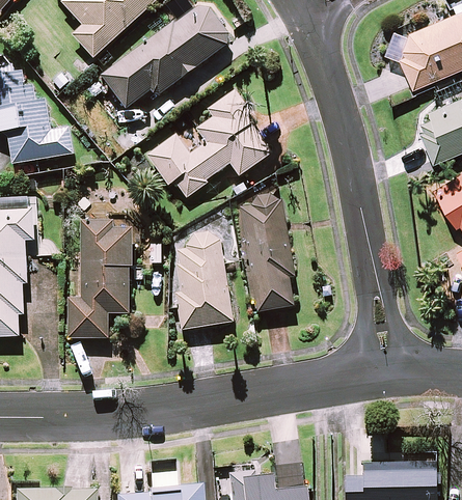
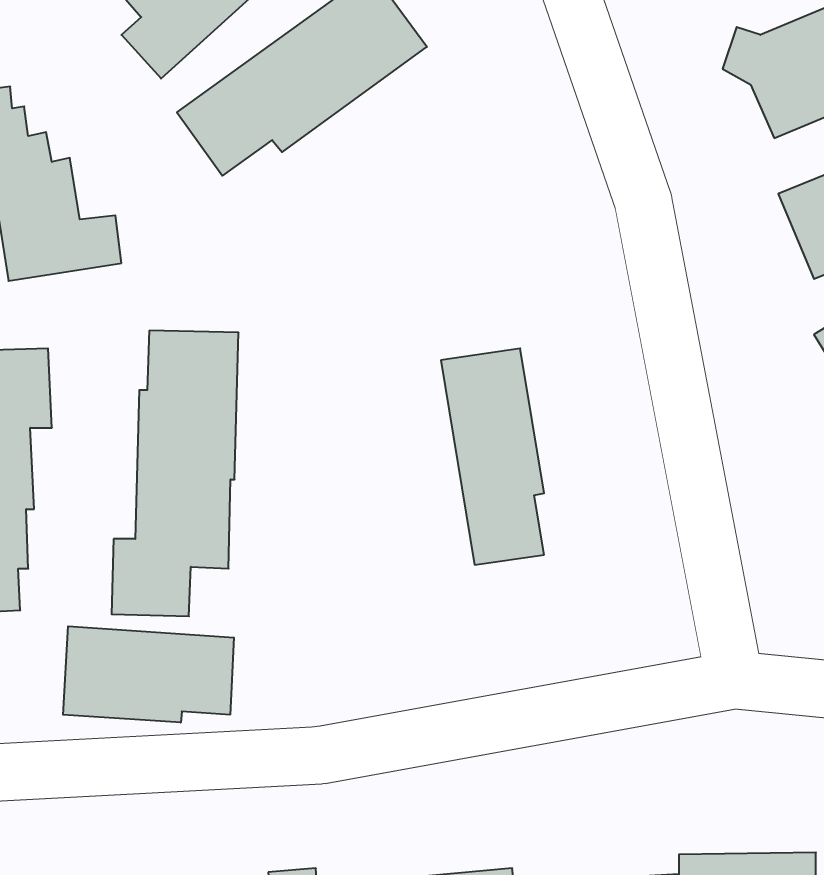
building: [147,93,271,197] -> none
building: [169,233,233,330] -> none
building: none -> [63,626,234,723]

